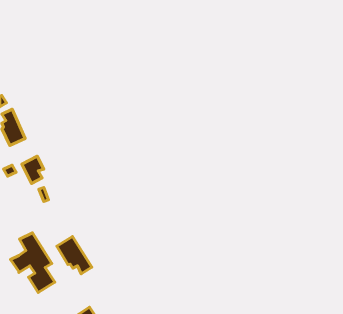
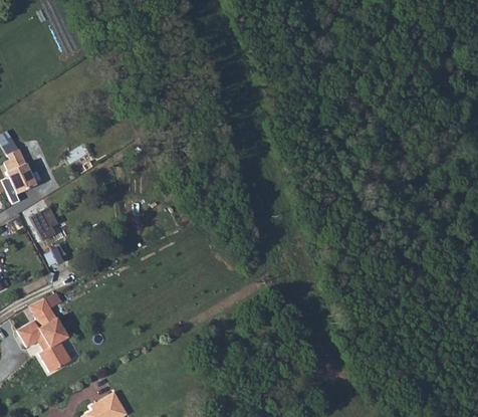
building: [57,237,92,274] -> none

